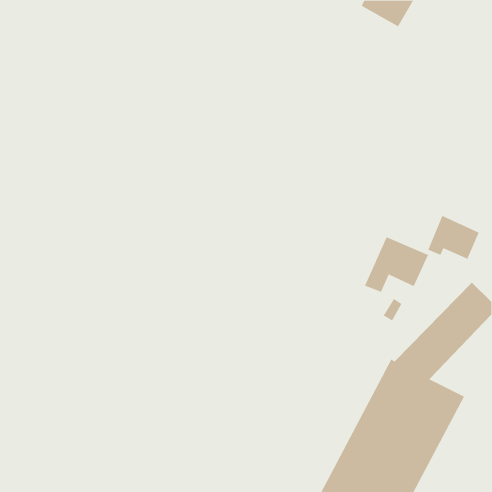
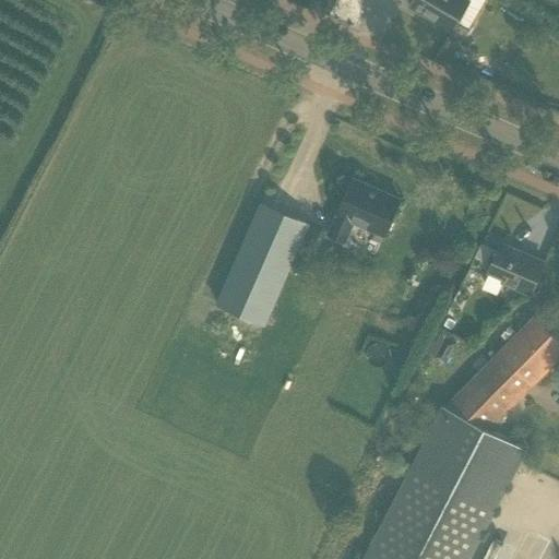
building: none -> [216,204,308,326]
building: [364,237,429,293] -> [326,180,400,243]

